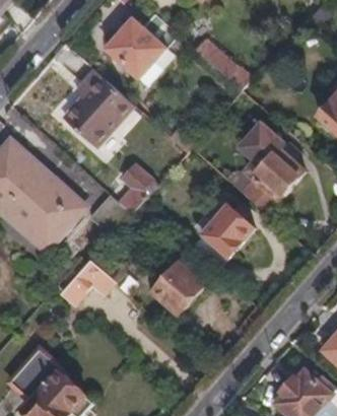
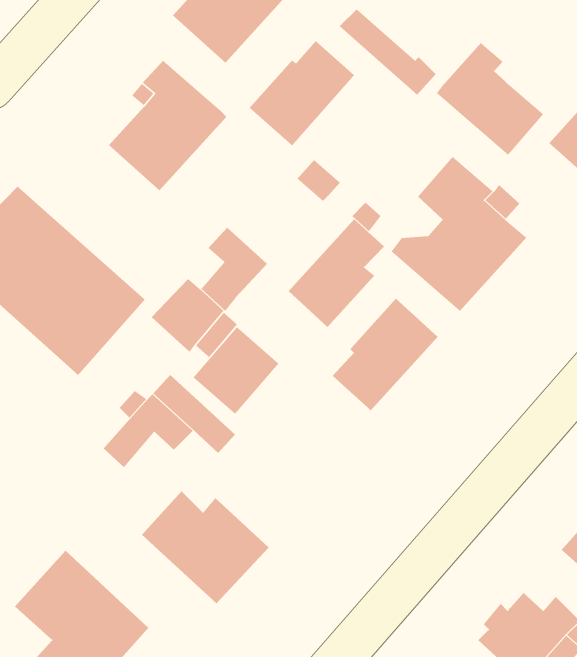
building: none -> [249,40,355,146]
building: none -> [436,42,544,156]
building: none -> [288,218,385,328]
building: [152,263,202,314] -> [192,326,279,415]
building: none -> [141,491,269,604]

